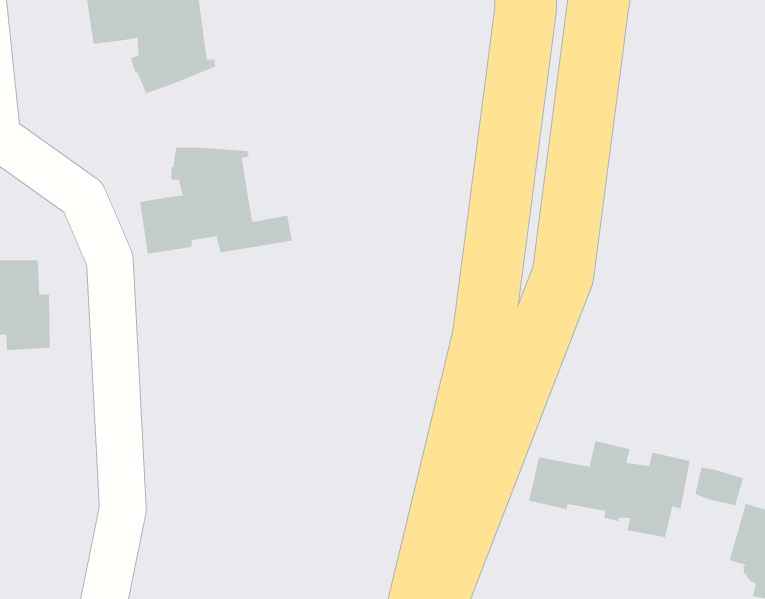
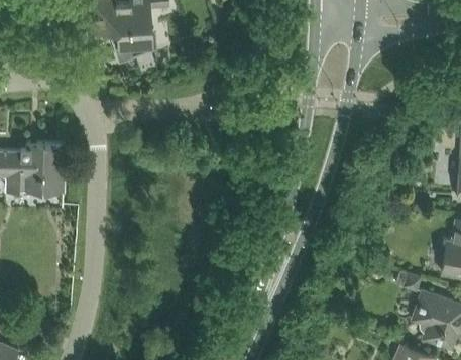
building: [140,147,292,255] -> none
building: [529,441,690,538] -> none

